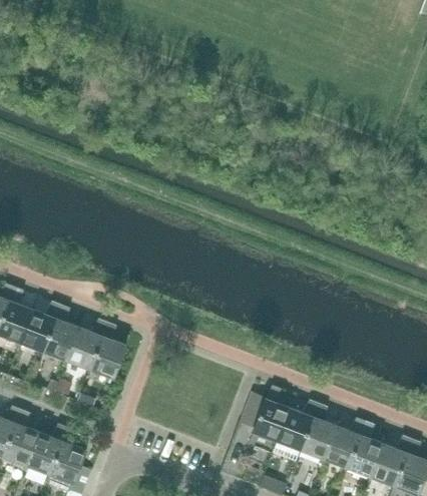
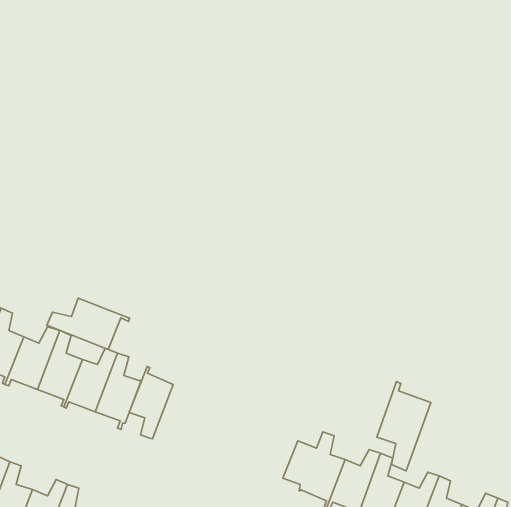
building: none -> [47,298,129,349]
building: none -> [129,367,173,439]
building: none -> [377,382,431,471]

